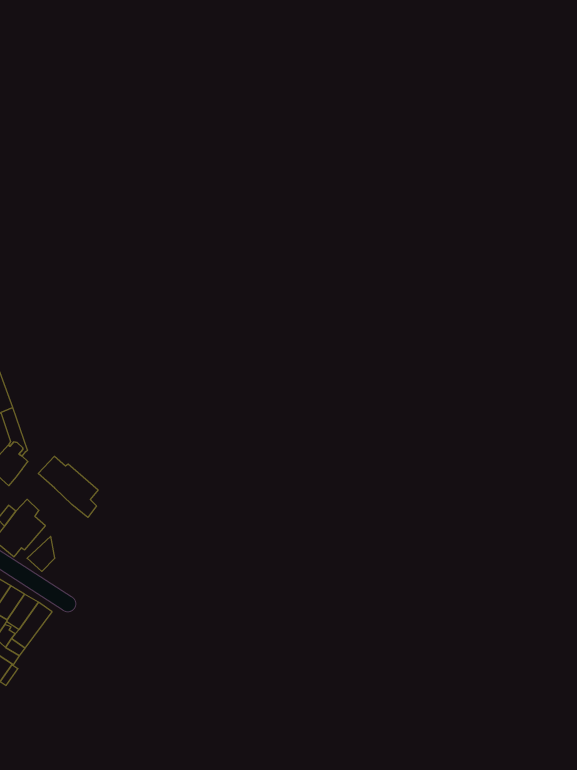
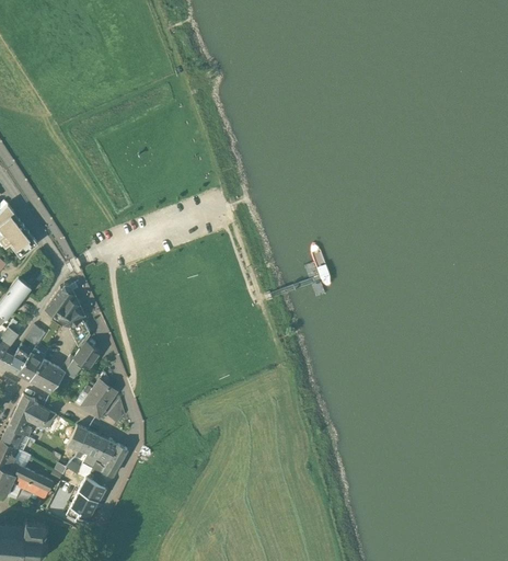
building: [38,456,98,517] -> none

